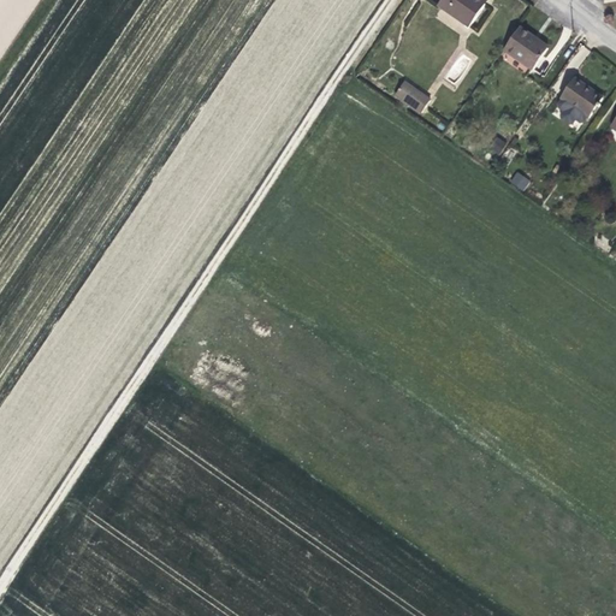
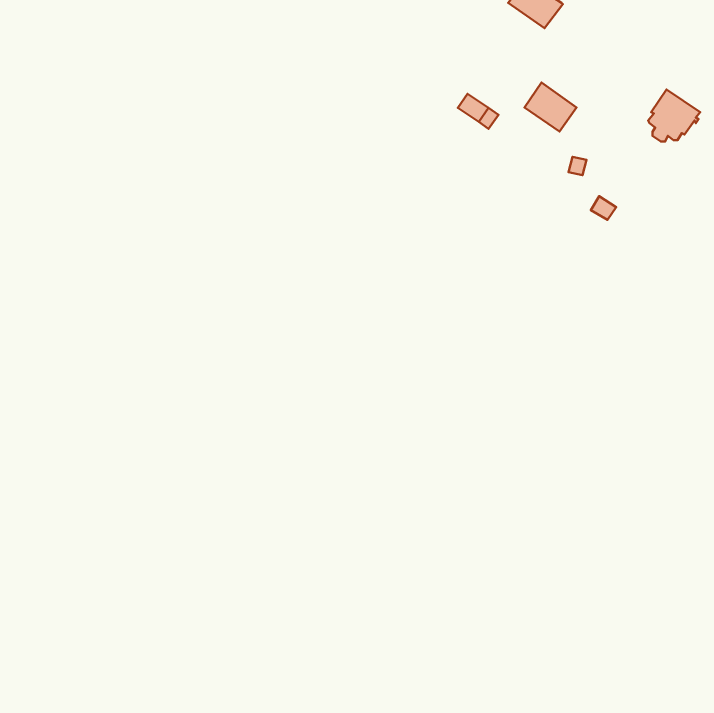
building: [502,25,546,67] -> [525,82,576,131]

